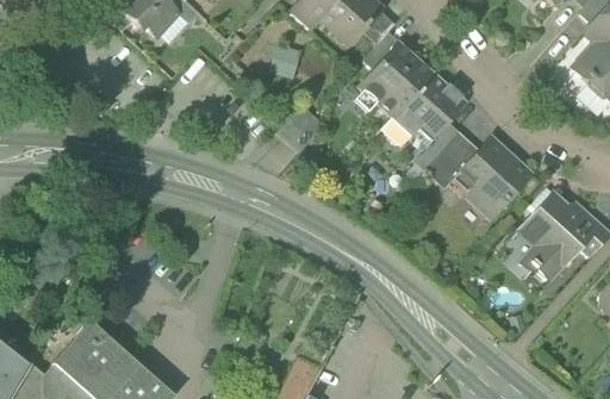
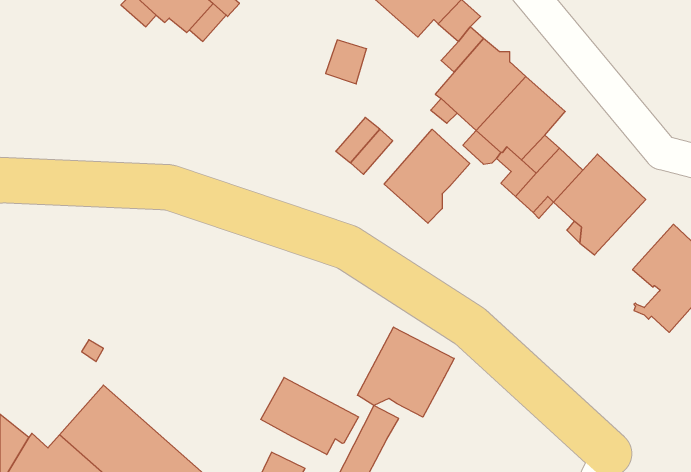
building: none -> [384,129,470,223]
building: none -> [357,327,454,417]
building: none -> [261,377,359,455]

